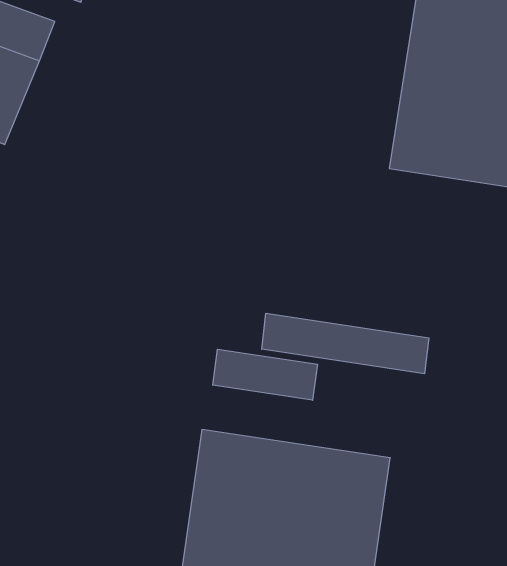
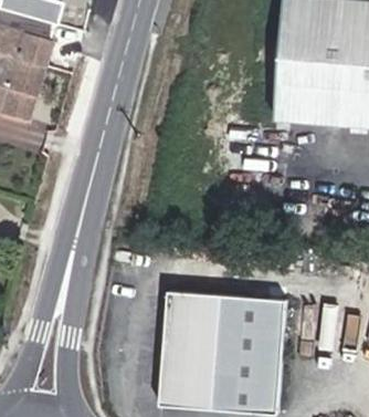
building: [262,313,429,374] -> none
building: [213,349,317,400] -> none

